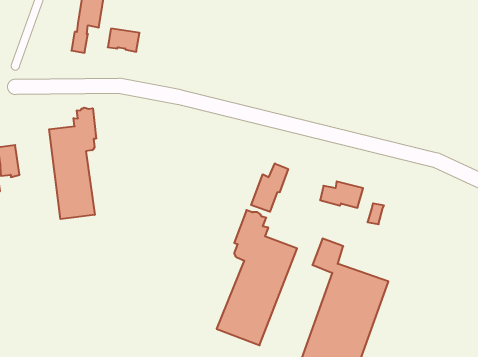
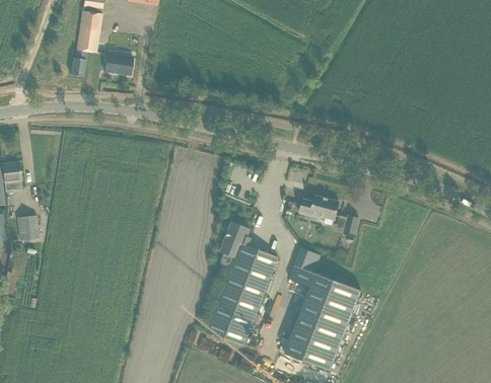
building: [49,108,96,219] -> none
building: [251,163,288,212] -> none
building: none -> [16,216,40,241]

